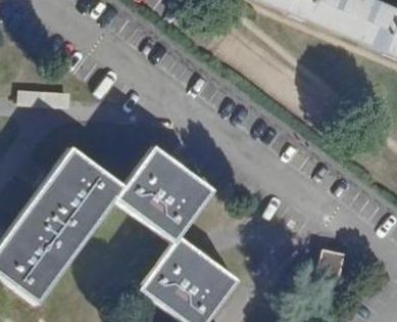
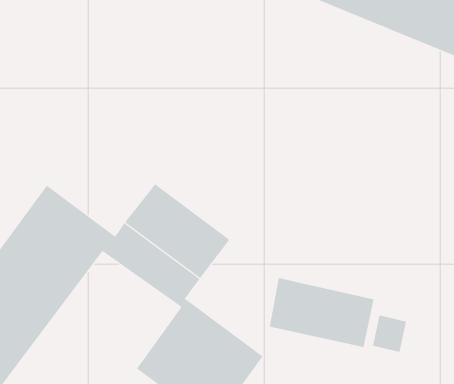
building: none -> [269,277,374,348]

